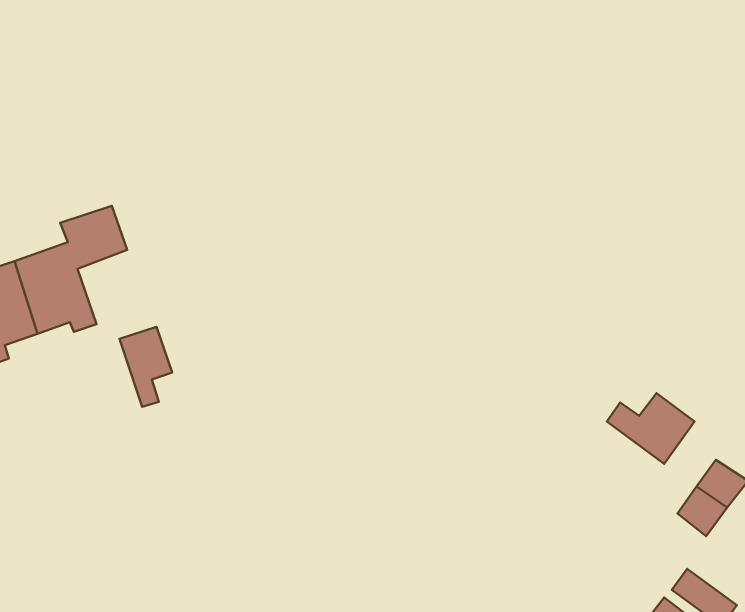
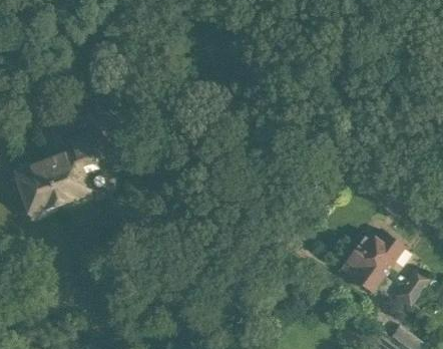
building: [119,327,172,407] -> none
building: none -> [340,248,386,292]

